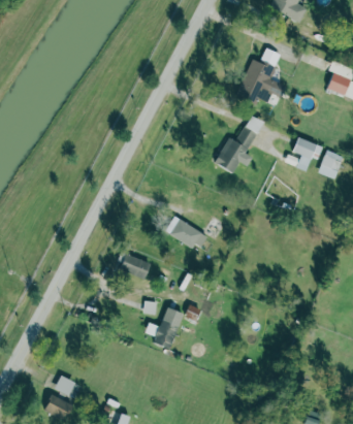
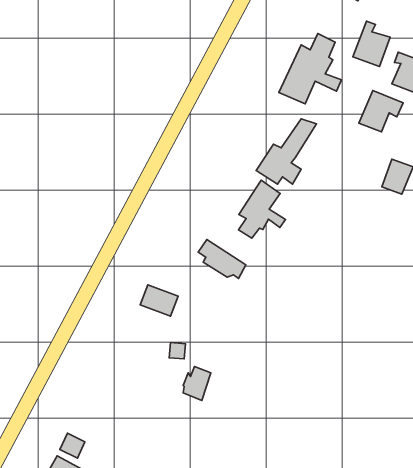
building: none -> [353,21,390,67]
building: [287,137,323,171] -> [359,90,403,132]
building: none -> [238,180,285,238]

